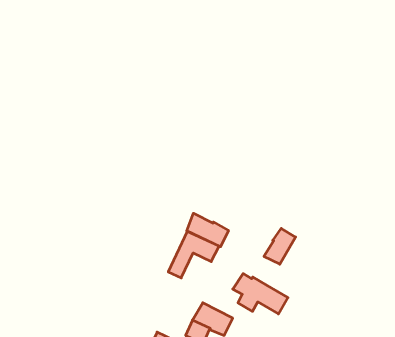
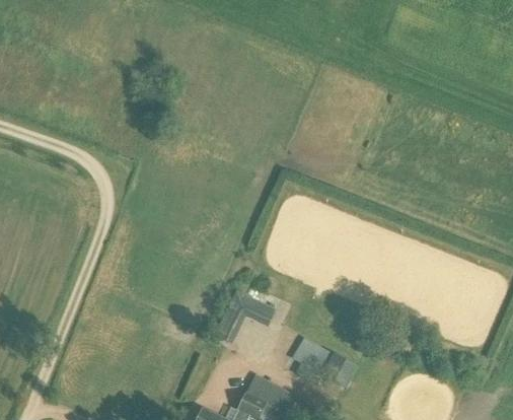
building: [187,213,228,247] -> none
building: [264,228,296,264] -> none

